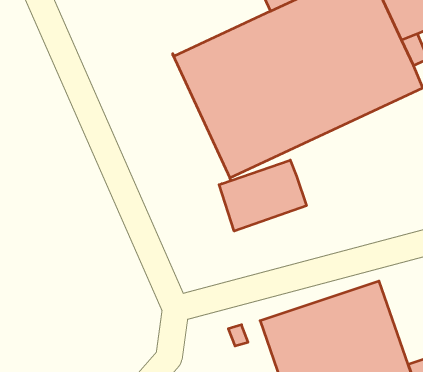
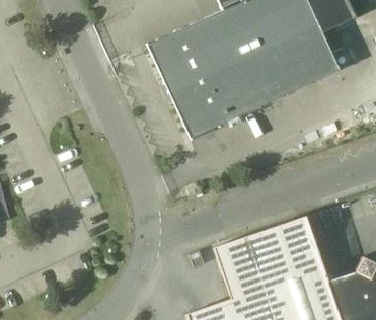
building: [219,160,306,231] -> none

